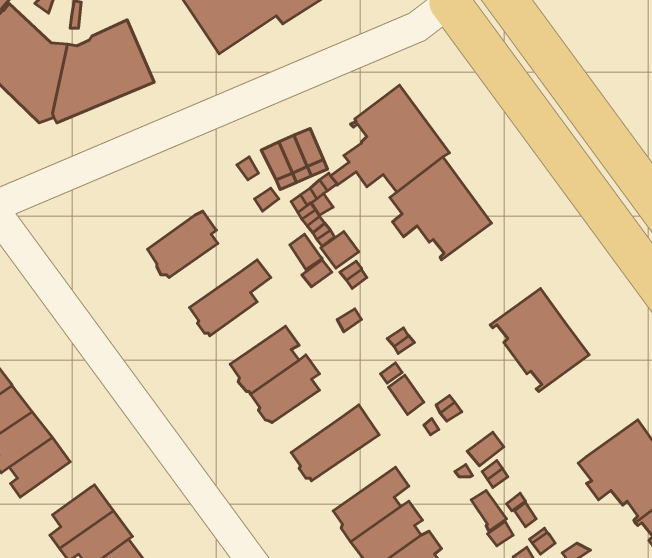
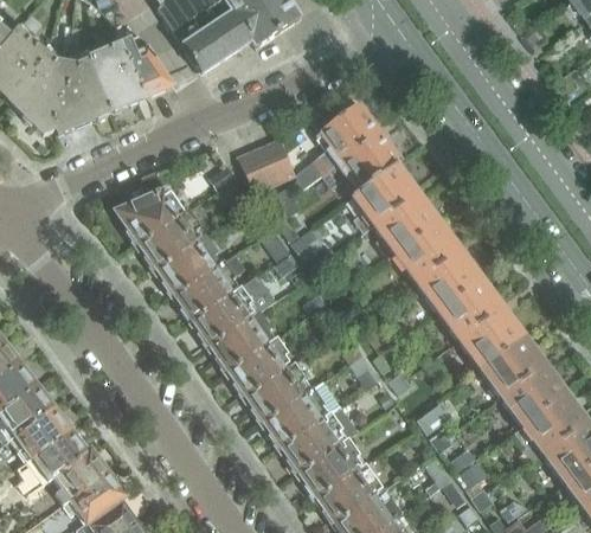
building: none -> [120,36,173,97]
building: none -> [116,187,179,243]
building: none -> [394,220,481,309]
building: none -> [156,235,217,294]
building: none -> [192,278,266,343]
building: none -> [480,335,566,424]
building: none -> [246,361,306,420]
building: none -> [281,405,358,471]
building: none -> [26,429,88,483]

